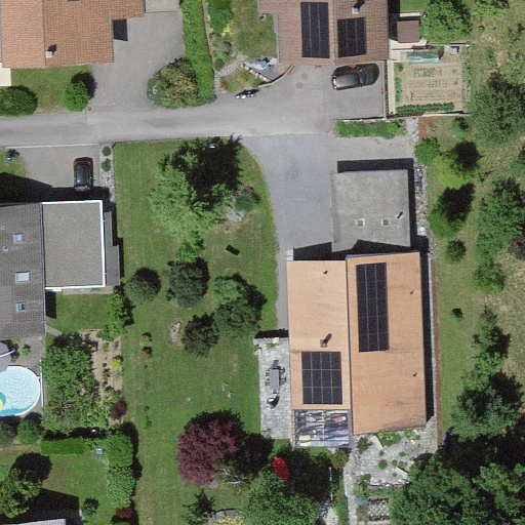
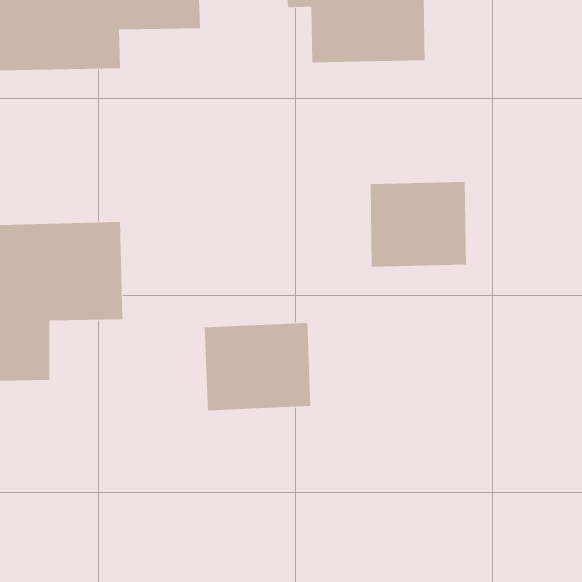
building: [284,258,425,436] -> none
building: none -> [204,322,311,411]

